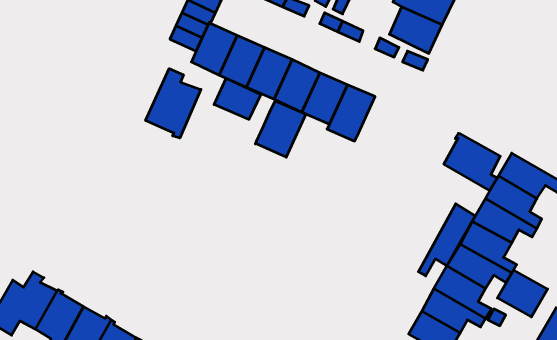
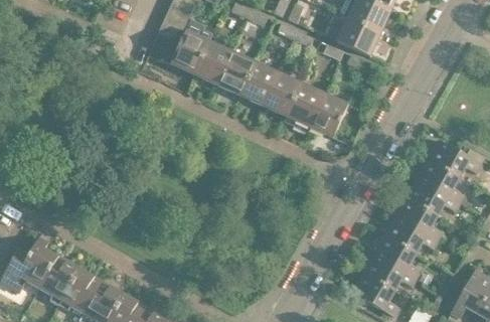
building: [146,69,201,138] -> none
building: [214,78,261,119] -> none
building: none -> [309,93,348,137]
building: [255,101,306,157] -> none
building: [444,133,500,190] -> none
building: [418,204,475,276] -> none
building: [497,270,548,317] -> none

